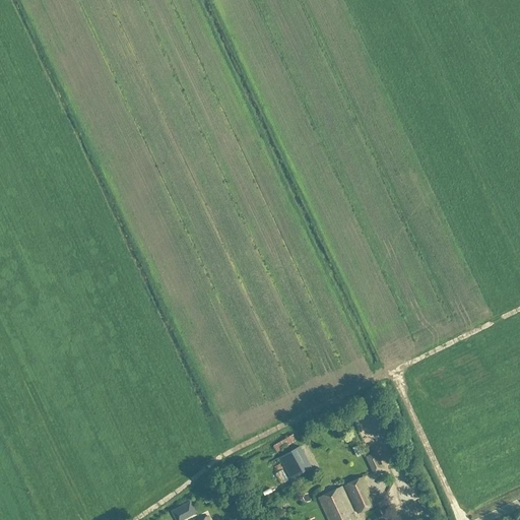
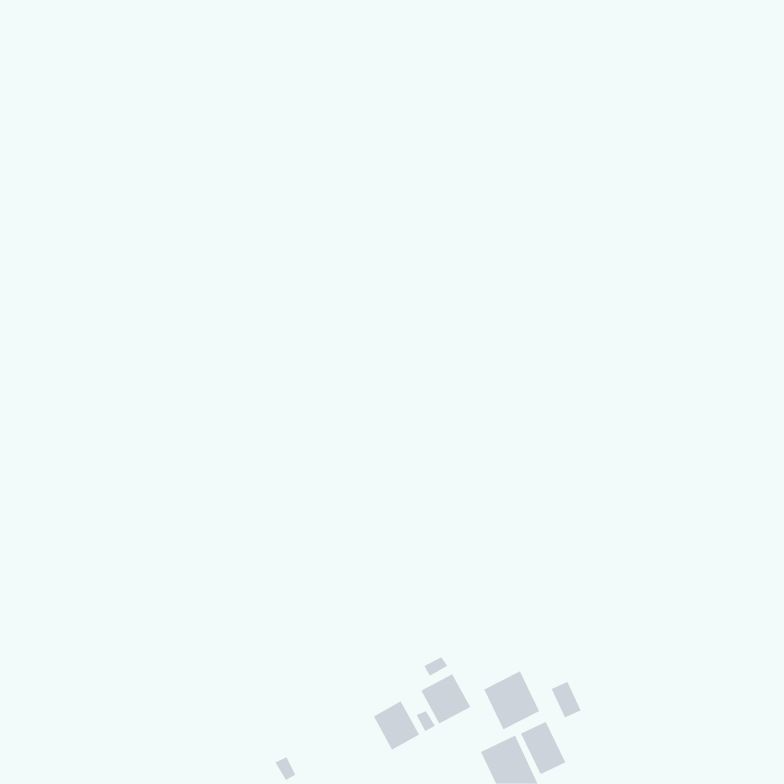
building: none -> [483,671,540,730]
building: none -> [373,700,420,751]

